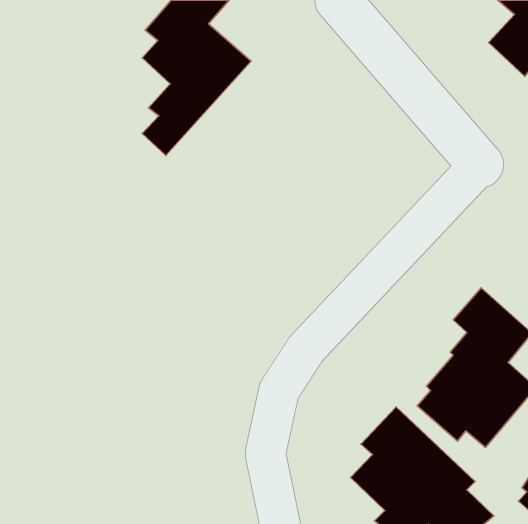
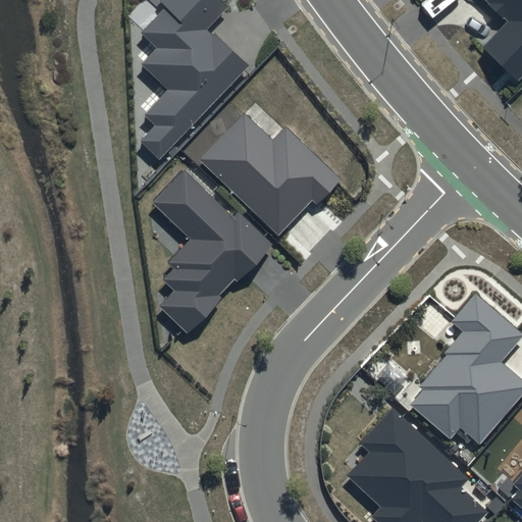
building: none -> [198,111,340,236]
building: none -> [150,167,273,332]

